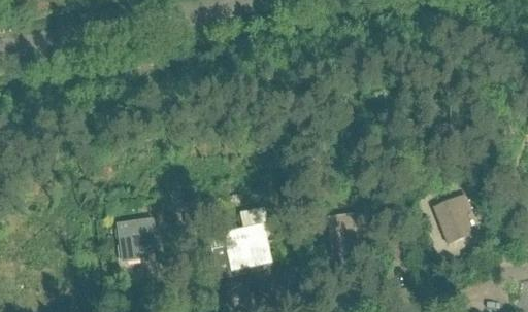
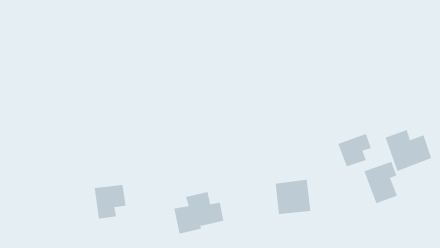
building: none -> [385,129,432,172]
building: none -> [337,133,372,167]

